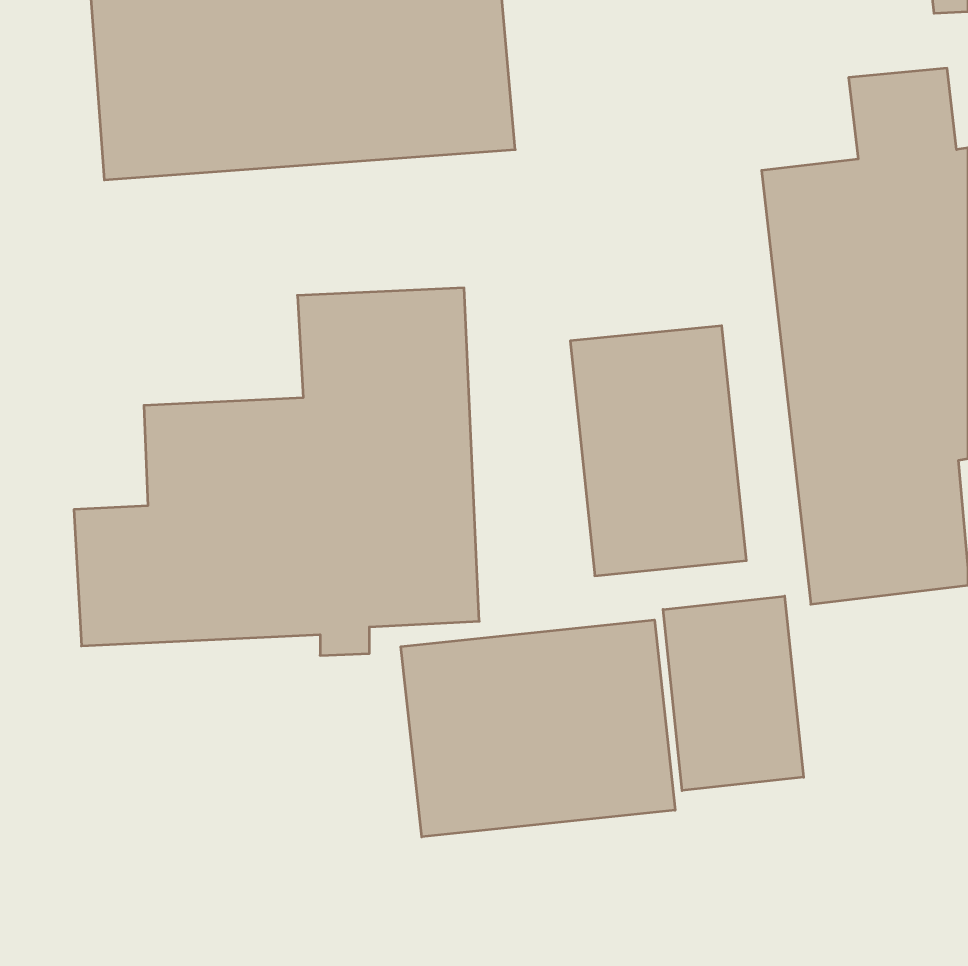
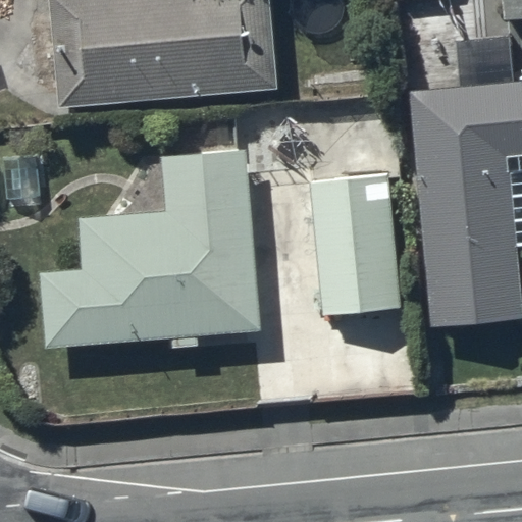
building: [663,596,804,791] -> none
building: [401,620,675,837] -> none

